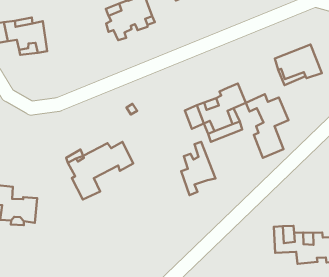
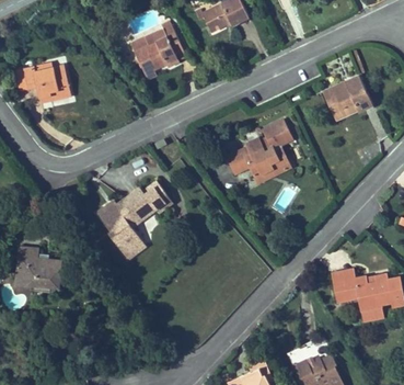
building: [246,94,289,158] -> none
building: [181,142,216,195] -> none

